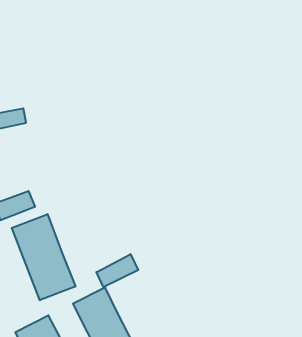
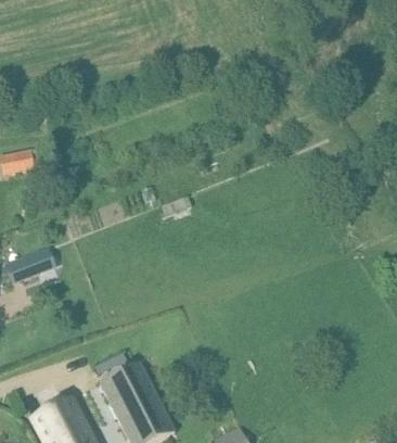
building: [12,214,75,300] -> none
building: [96,254,138,287] -> none

